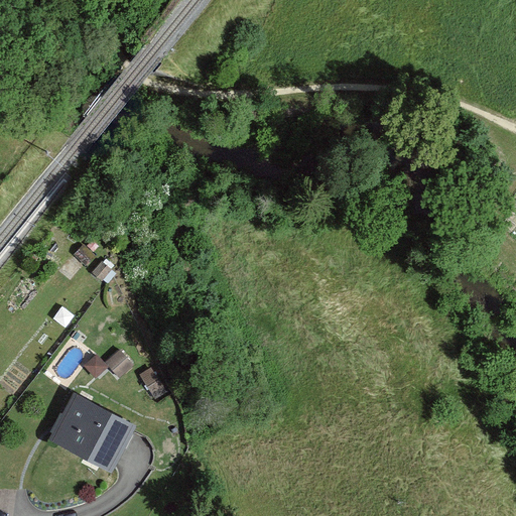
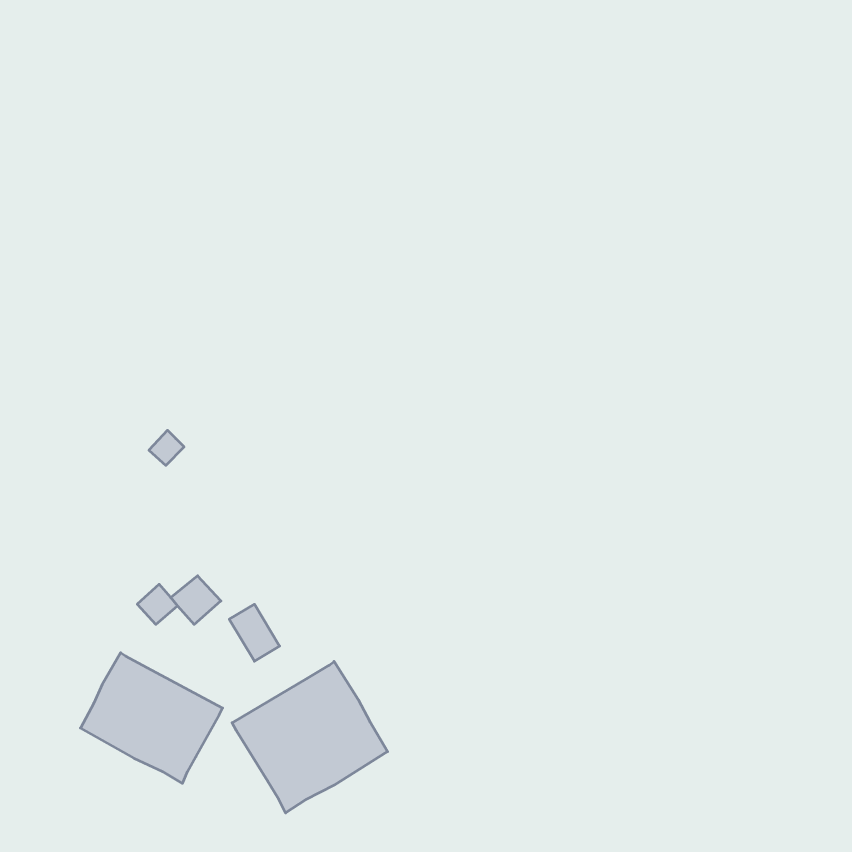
building: none -> [232,661,388,813]

